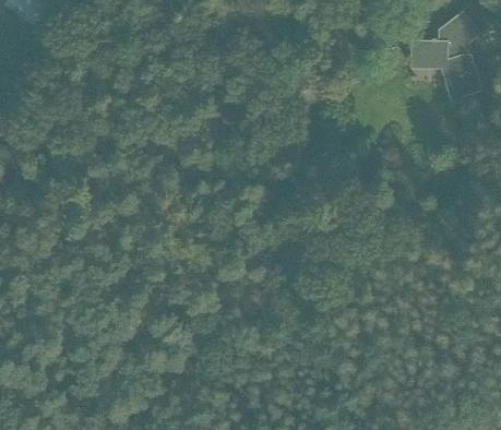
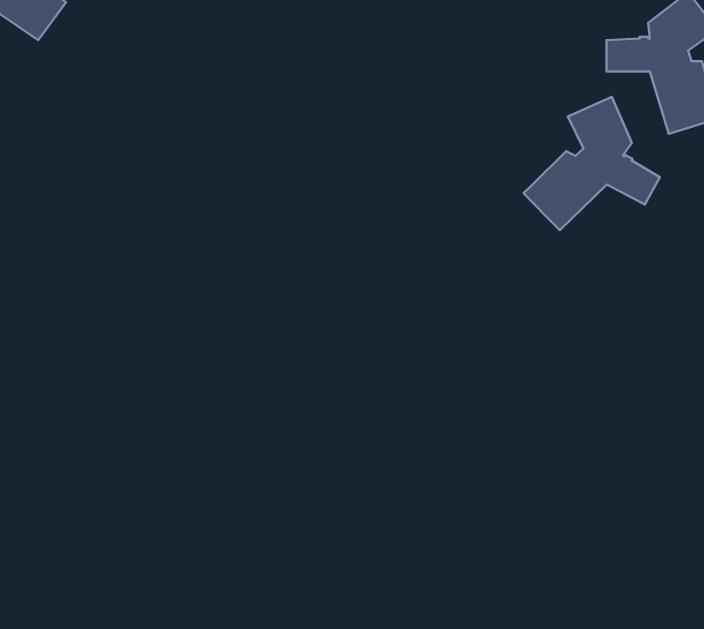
building: none -> [524,97,660,230]

